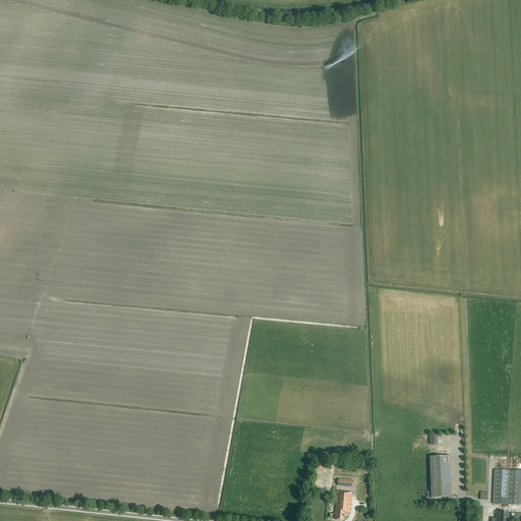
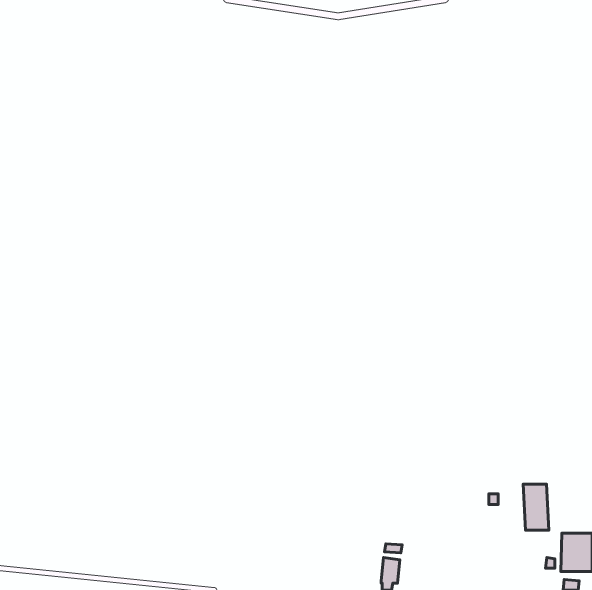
building: [429,456,452,497] -> [523,484,549,530]

